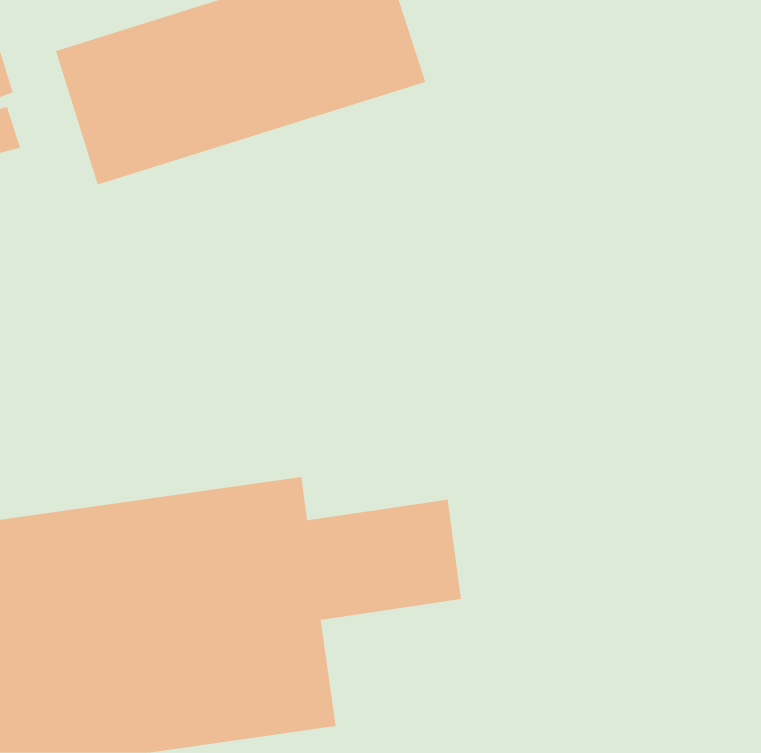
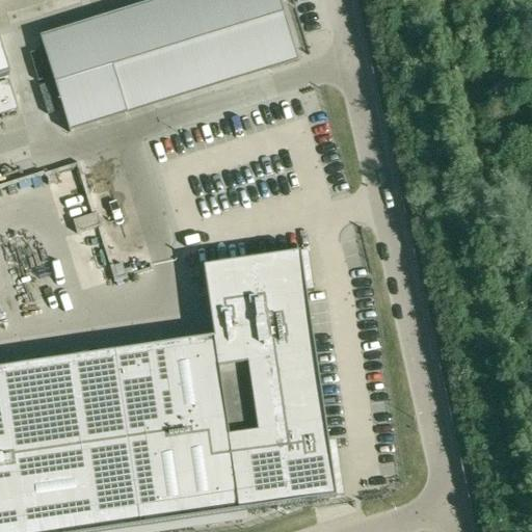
building: none -> [200,245,312,362]
building: none -> [223,417,332,505]

